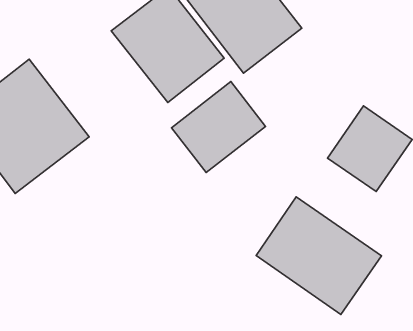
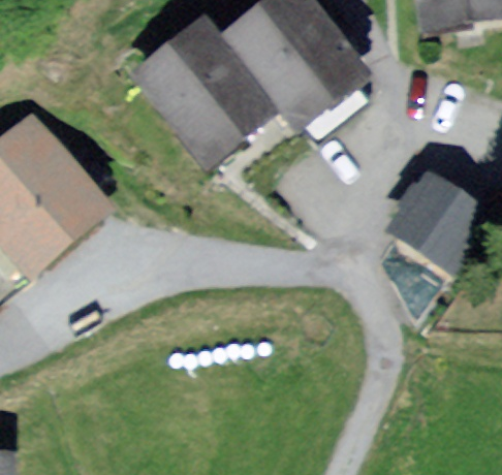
building: [172,82,266,173] -> none
building: [256,197,382,314] -> none

